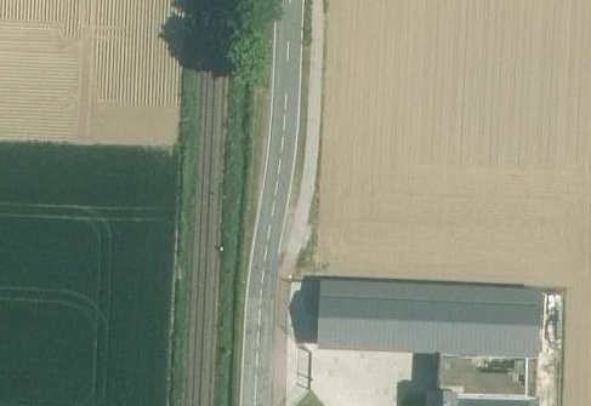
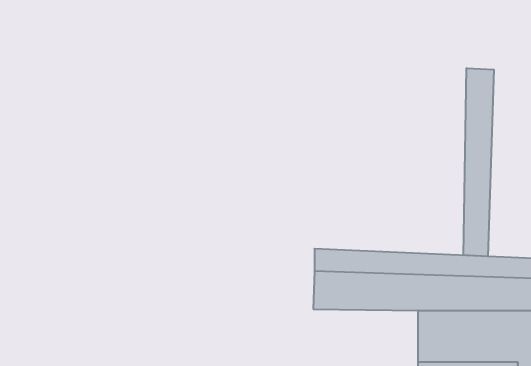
building: none -> [464,68,494,257]

